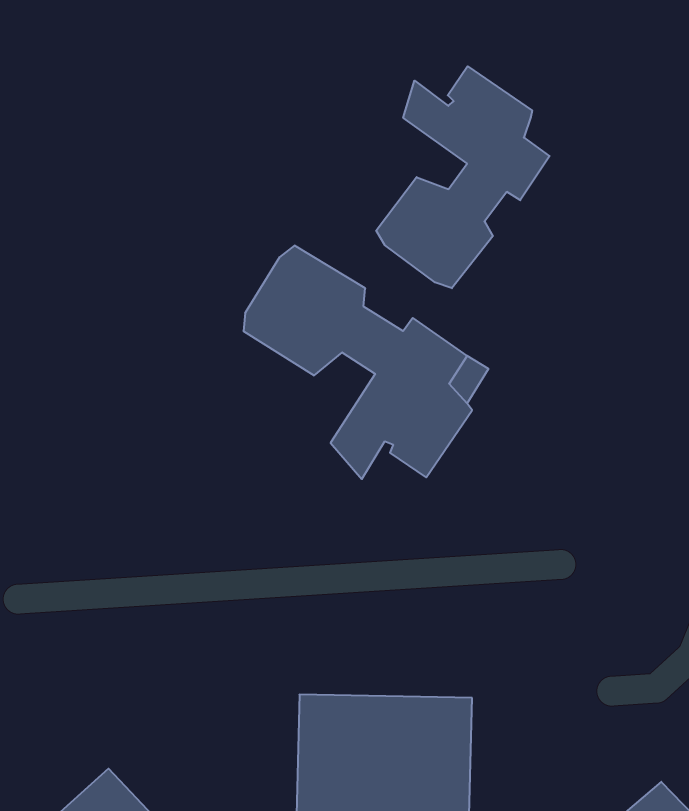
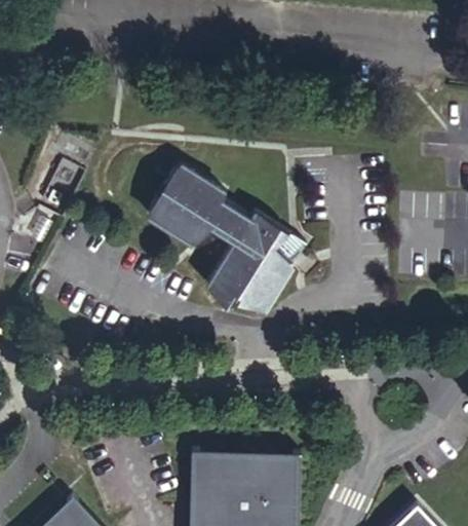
building: [376,66,550,288] -> none

